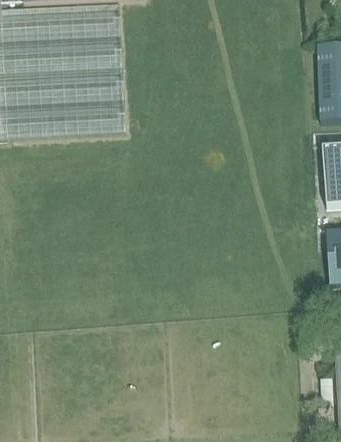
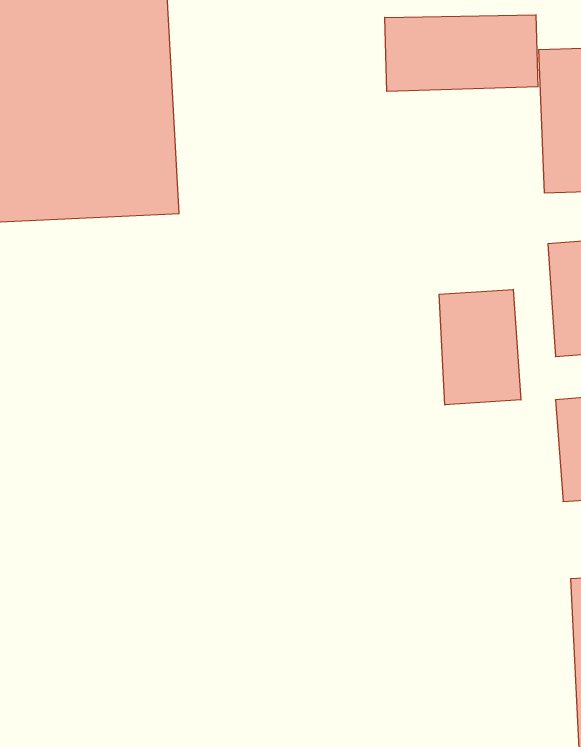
building: none -> [385,15,538,91]
building: none -> [439,289,521,405]

